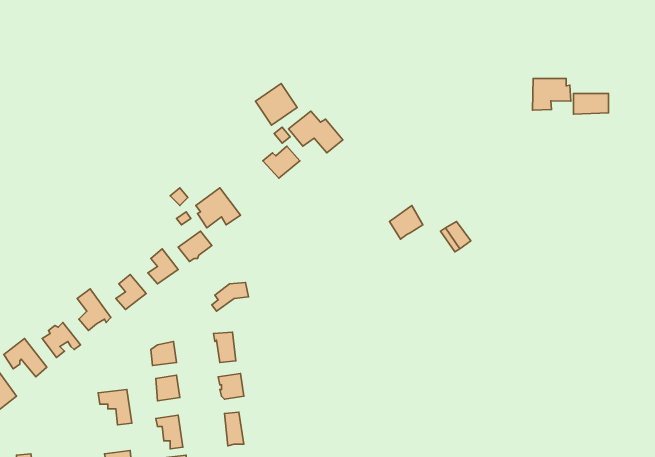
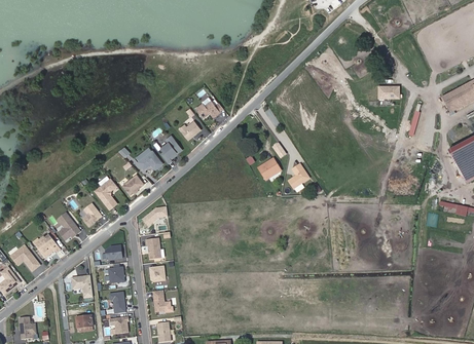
building: [533,78,571,110] -> none
building: [255,84,297,125] -> [155,137,182,163]

